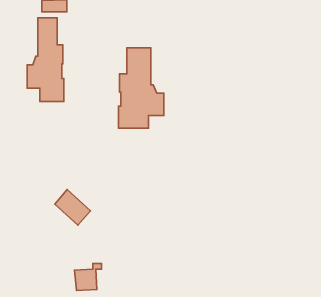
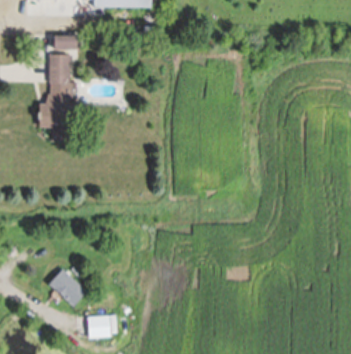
building: [118,48,164,128] -> none
building: [55,190,90,225] -> [49,270,86,307]

